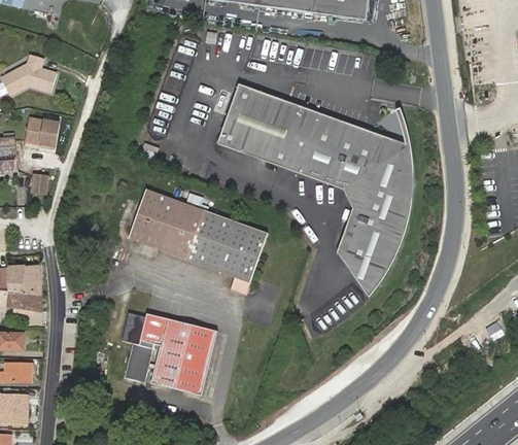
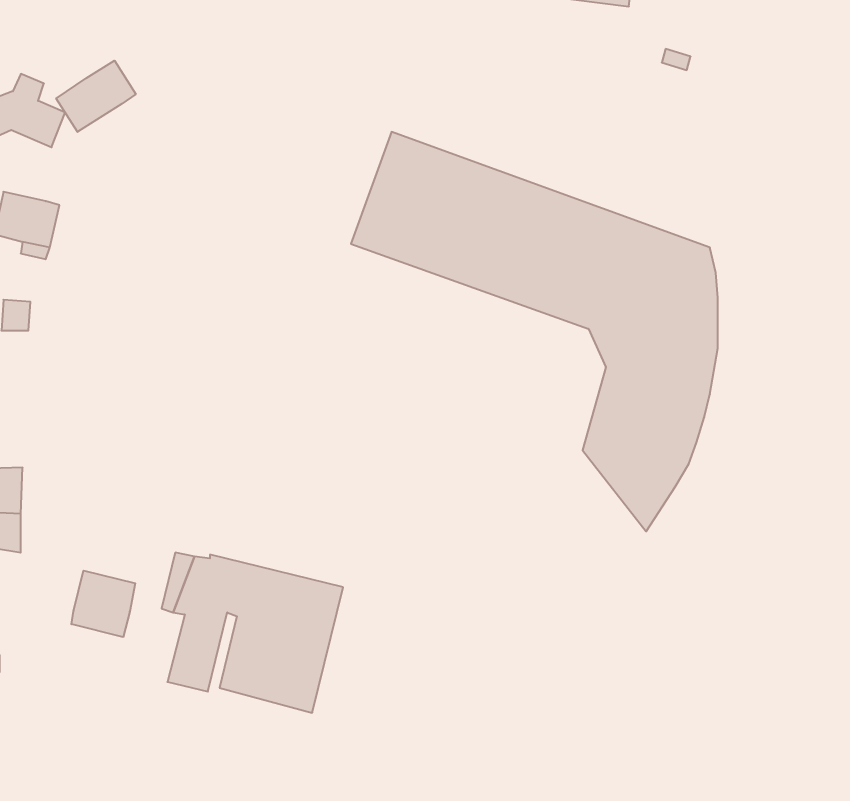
building: none -> [56,61,136,132]
building: [126,181,266,290] -> none
building: none -> [71,571,135,637]

